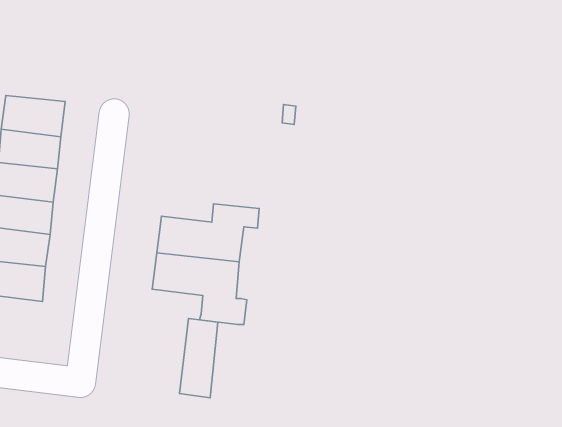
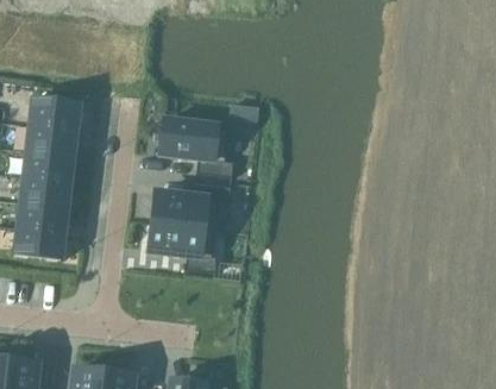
building: none -> [158,117,232,174]
building: [180,318,218,398] -> none

